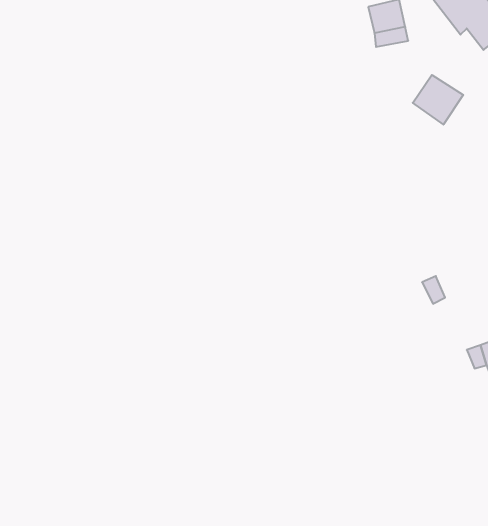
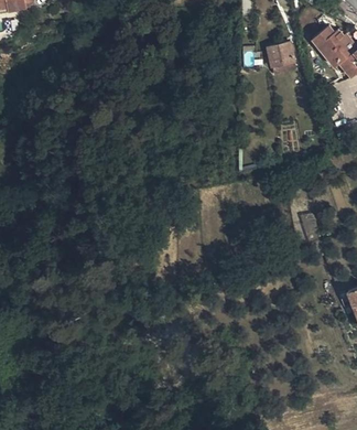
building: [413,75,463,125] -> none

